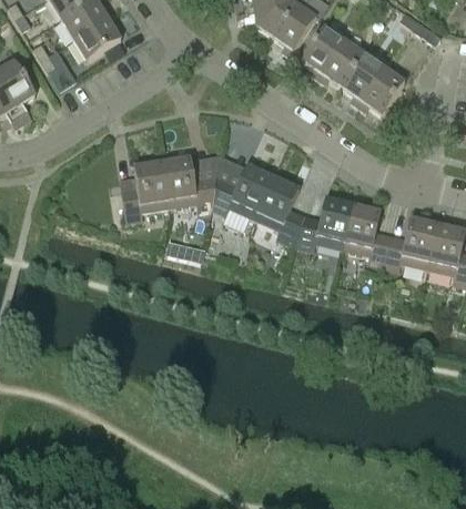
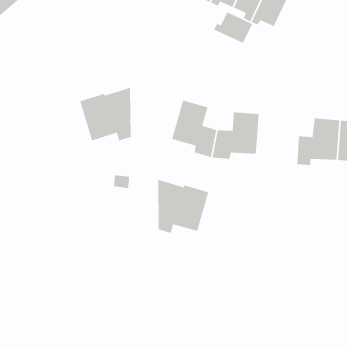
building: none -> [213,11,253,44]
building: [211,153,272,216] -> [157,179,209,234]
building: [120,160,168,218] -> none
building: [342,203,389,264] -> none

